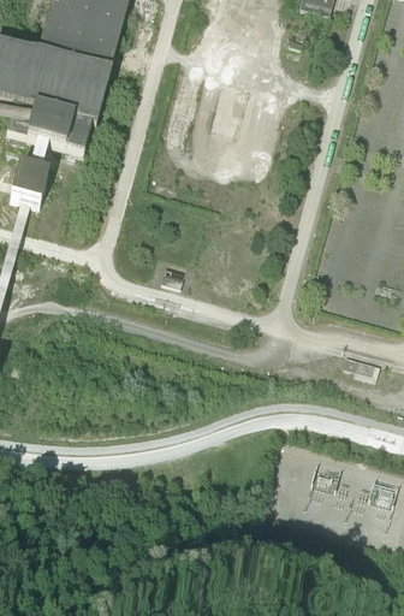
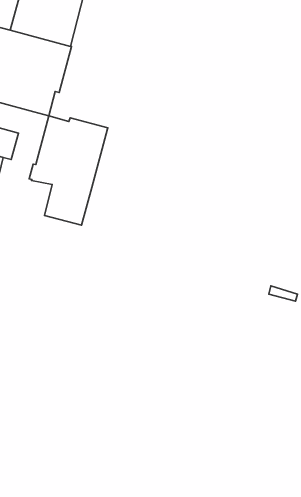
building: none -> [29,116,108,225]

